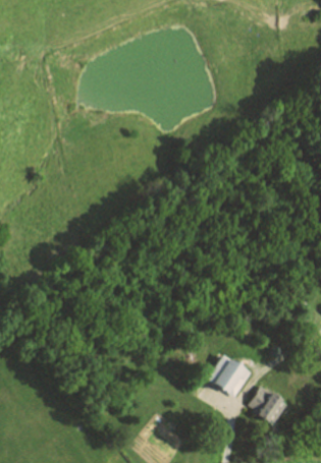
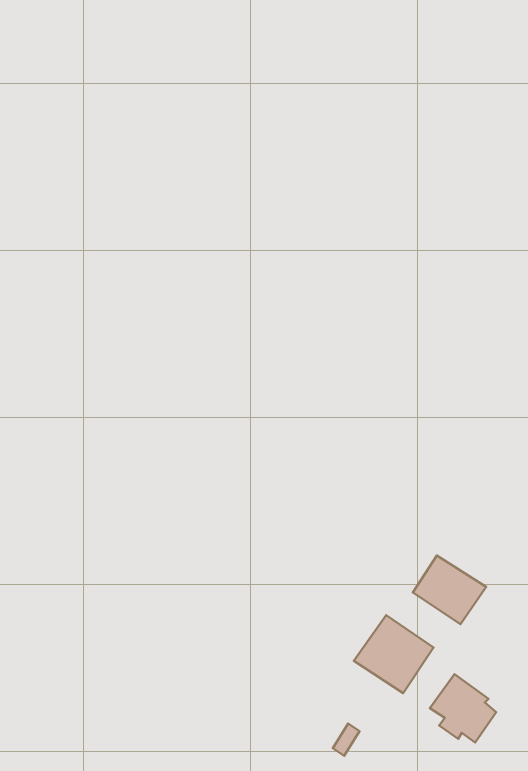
building: none -> [413,555,486,624]

